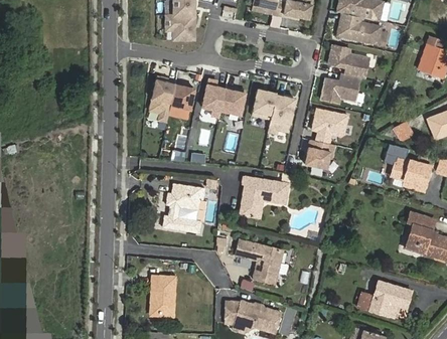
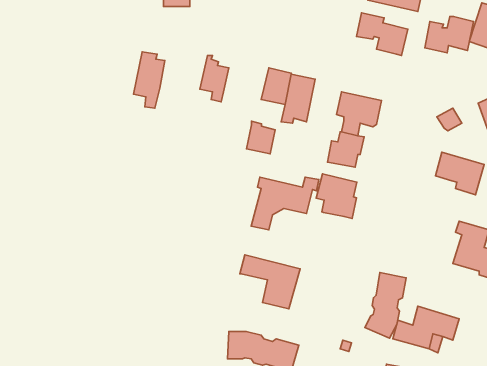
building: [321,74,360,104] -> [425,17,474,53]
building: [170,82,194,110] -> none
building: [221,87,245,113] -> [246,121,275,154]
building: none -> [316,174,357,218]
building: [163,184,204,232] -> none
building: none -> [365,273,406,338]
building: [151,276,174,314] -> none

